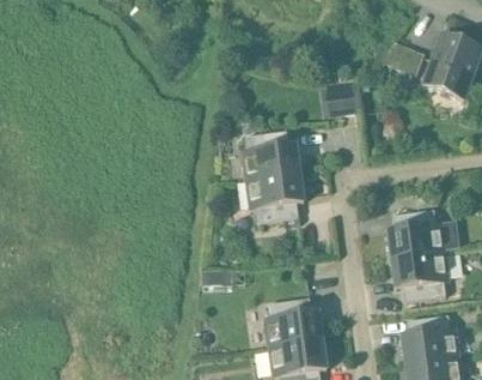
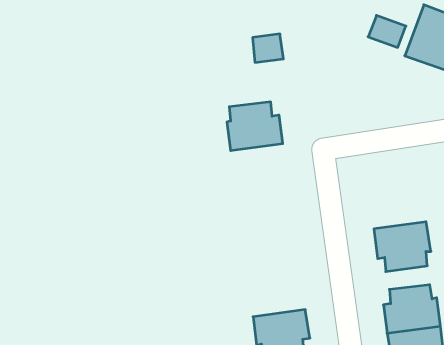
building: [325,86,356,115] -> [253,34,283,62]
building: [246,173,304,222] -> none
building: [386,210,444,259] -> none
building: [264,298,322,348] -> none

